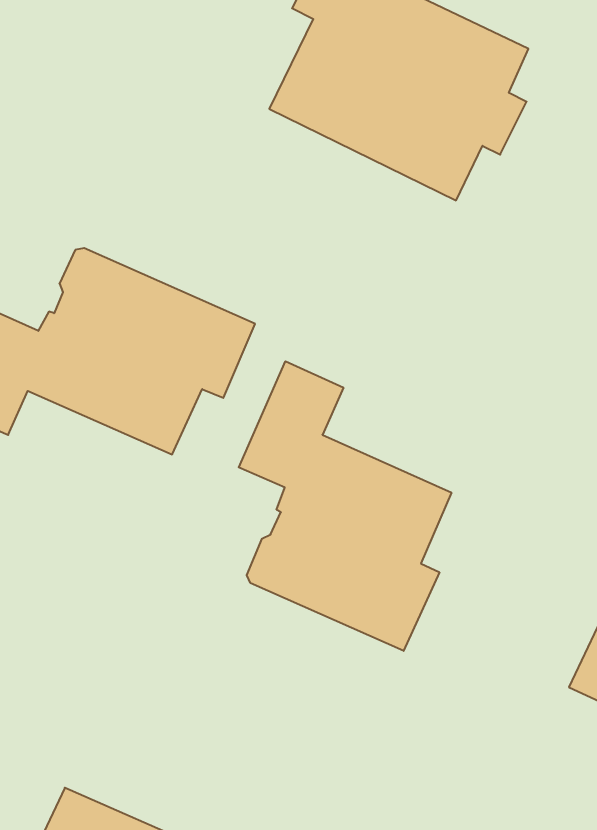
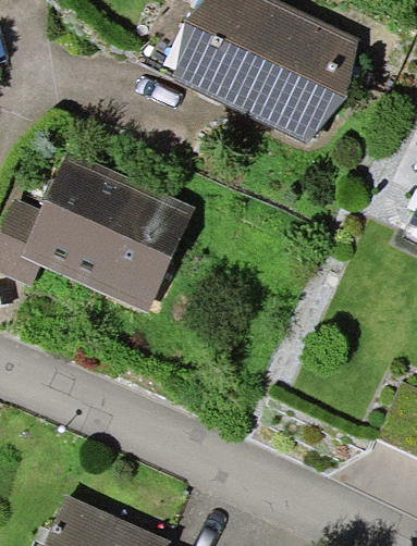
building: [239,361,451,651] -> none

